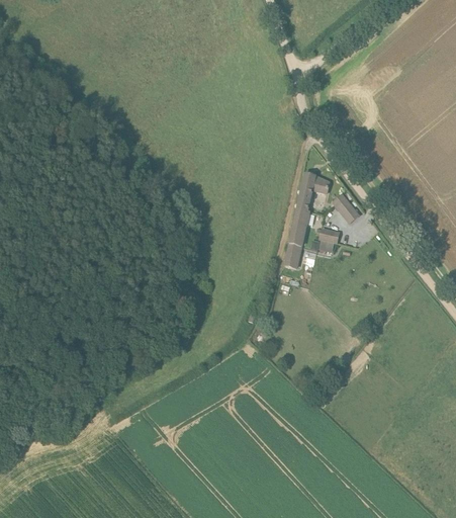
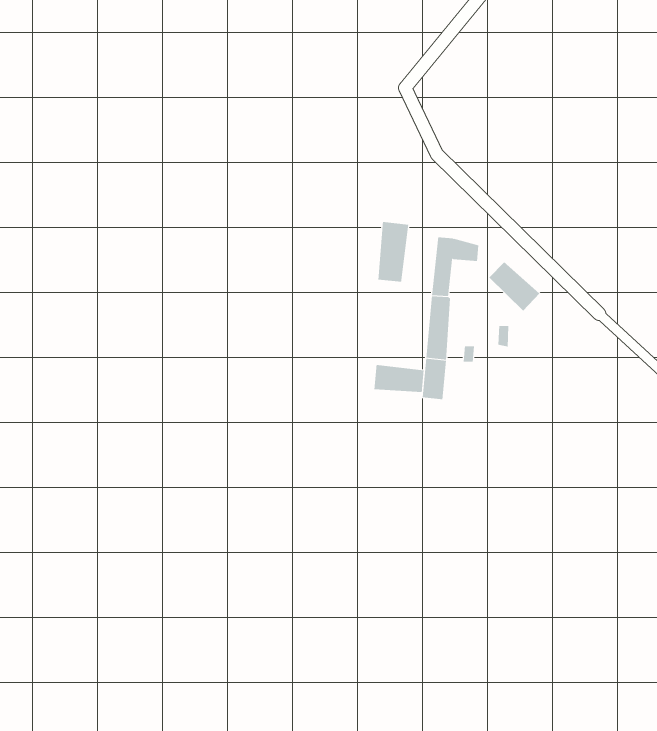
building: none -> [378,221,409,282]
building: none -> [374,364,424,393]

